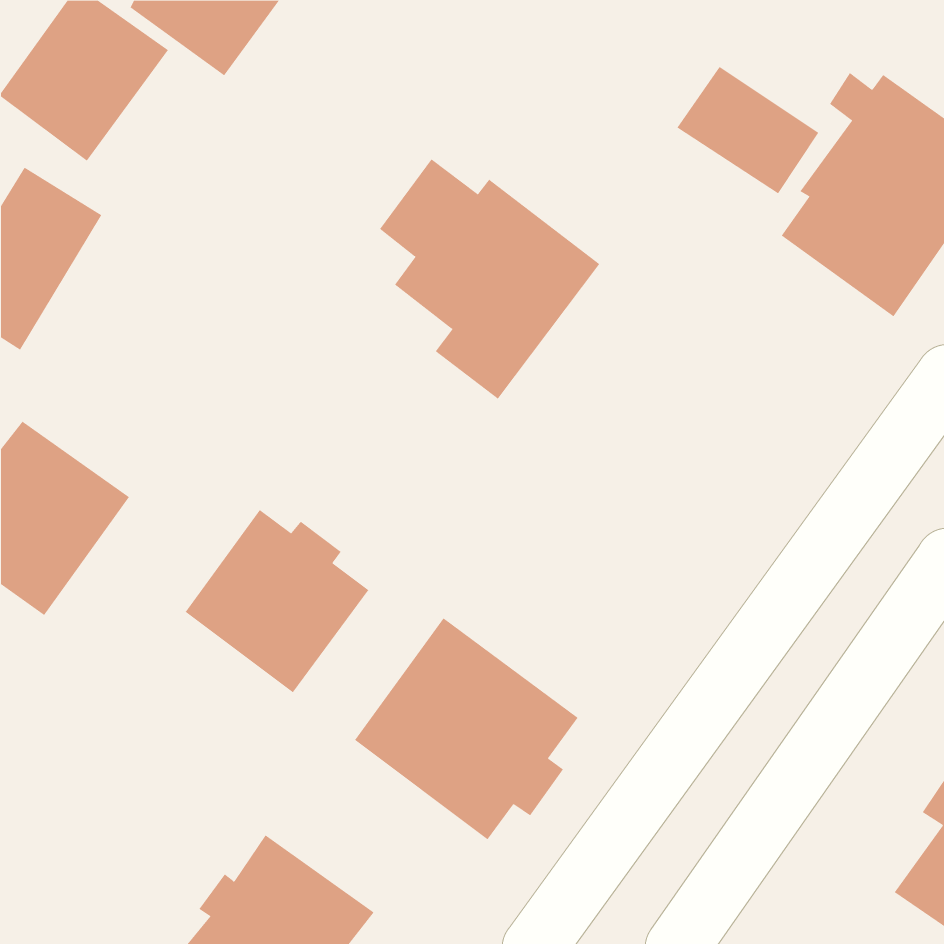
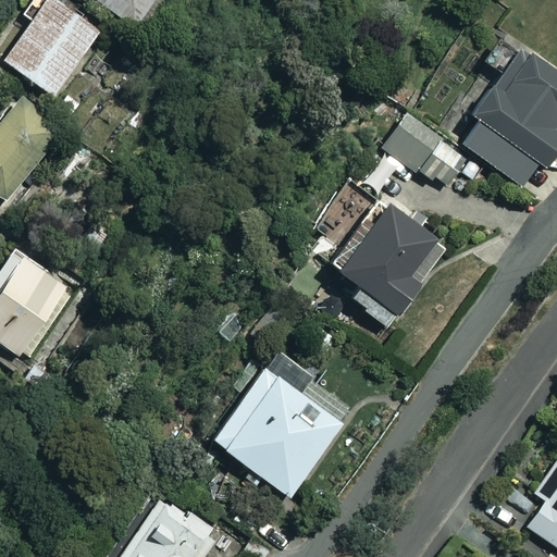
building: [676,66,819,194] -> [382,112,466,187]
building: [379,158,600,400] -> [315,184,445,325]
building: [185,509,369,693] -> none

